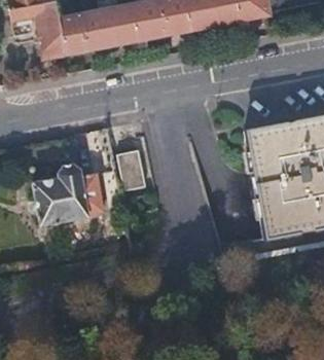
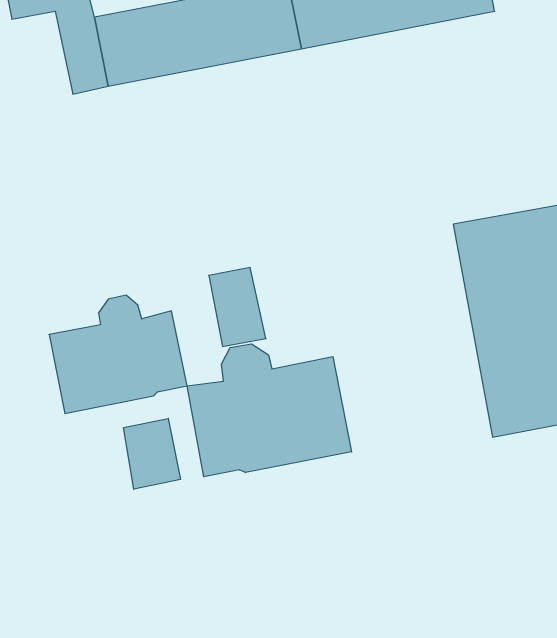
building: none -> [187,344,352,477]
building: none -> [124,418,180,489]

